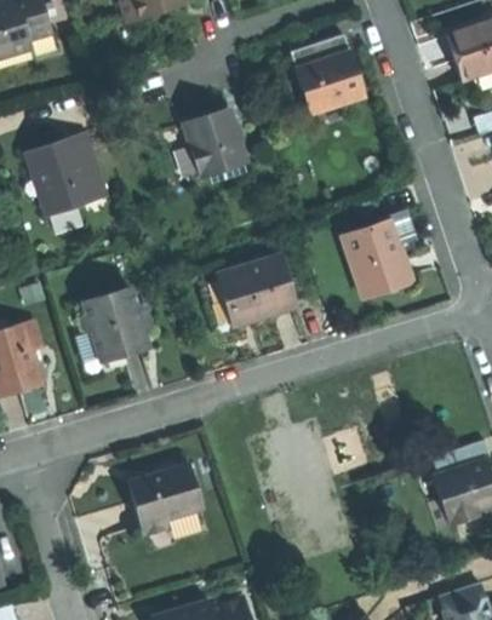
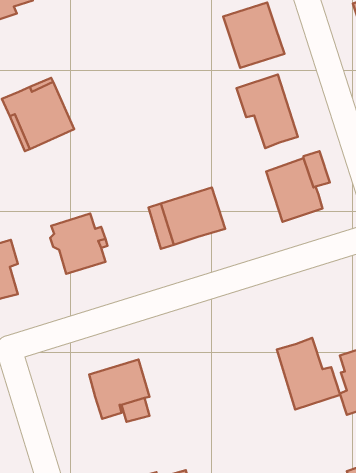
building: [184,107,248,176] -> none
building: none -> [236,74,298,148]
building: none -> [277,338,340,409]

